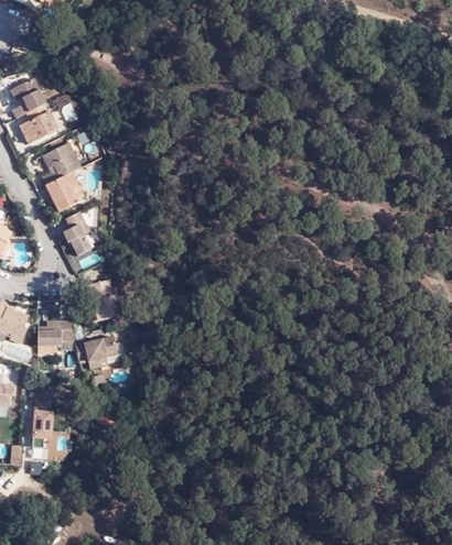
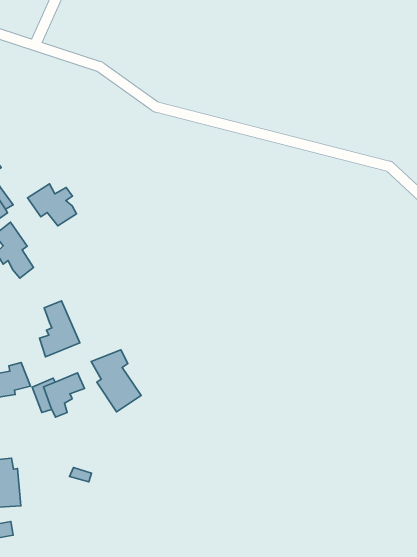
building: none -> [27,184,76,226]
building: none -> [91,350,141,412]

